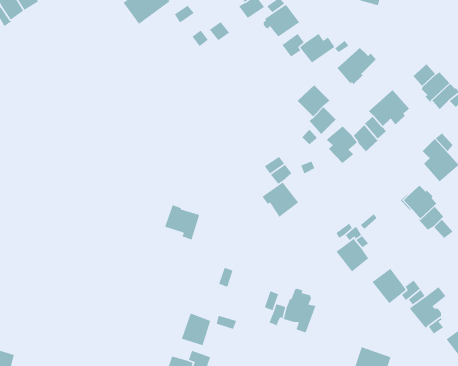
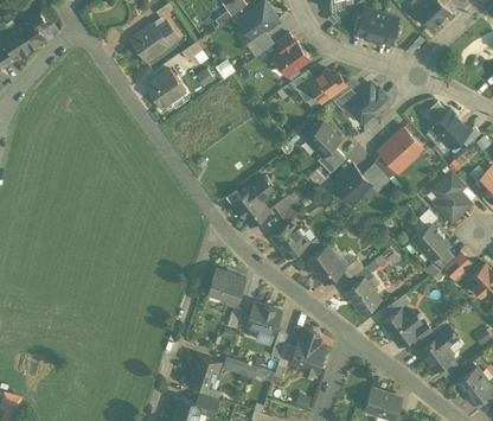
building: none -> [146,70,185,109]
building: none -> [233,177,274,227]
building: [163,204,200,240] -> [206,269,244,306]
building: none -> [307,248,342,286]
building: none -> [246,302,281,334]

